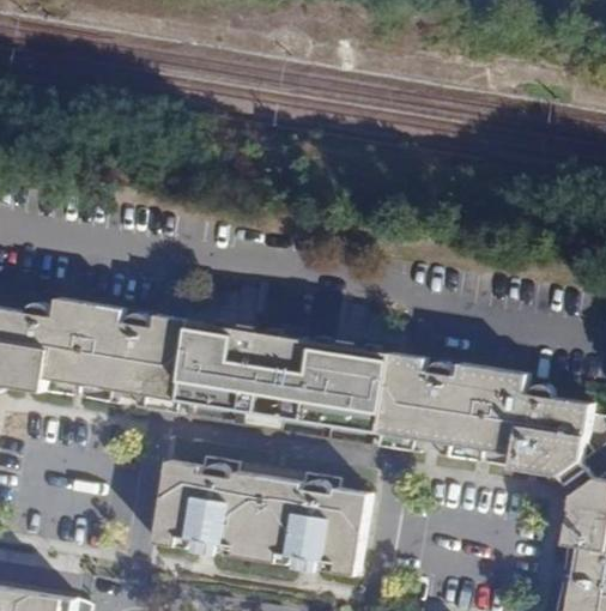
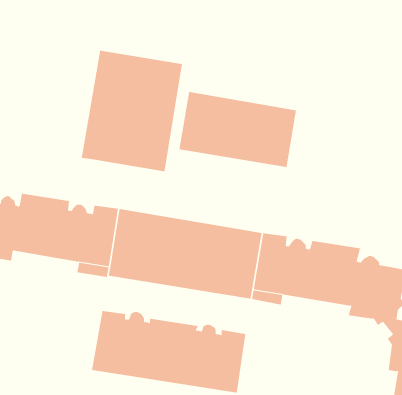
building: none -> [81,50,183,172]
building: none -> [179,91,296,168]

